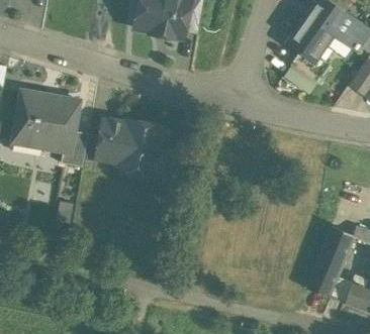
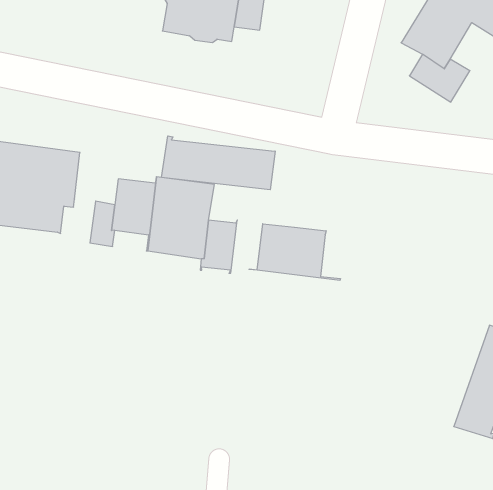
building: none -> [162,136,275,190]
building: [60,130,87,165] -> none
building: none -> [249,224,340,280]

